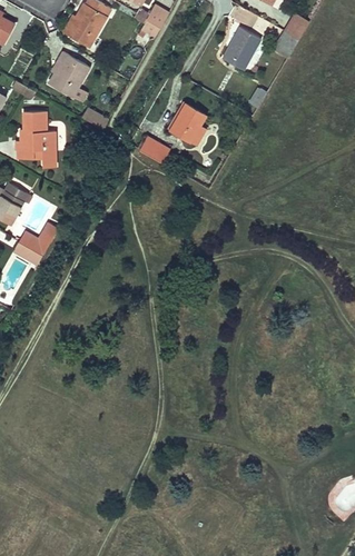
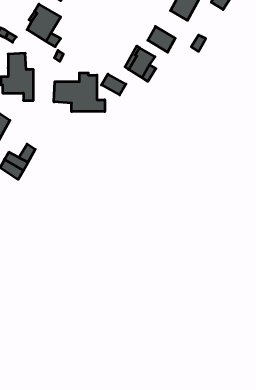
building: none -> [148,26,175,52]
building: none -> [54,73,105,112]

